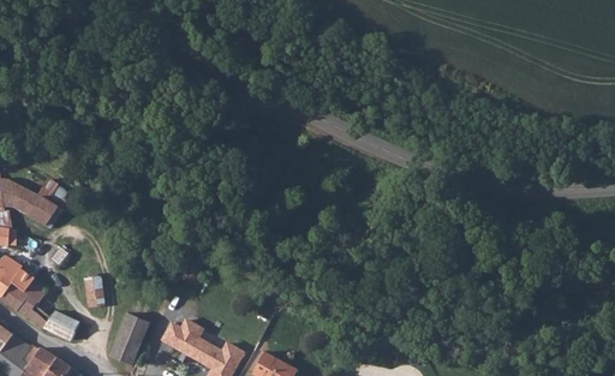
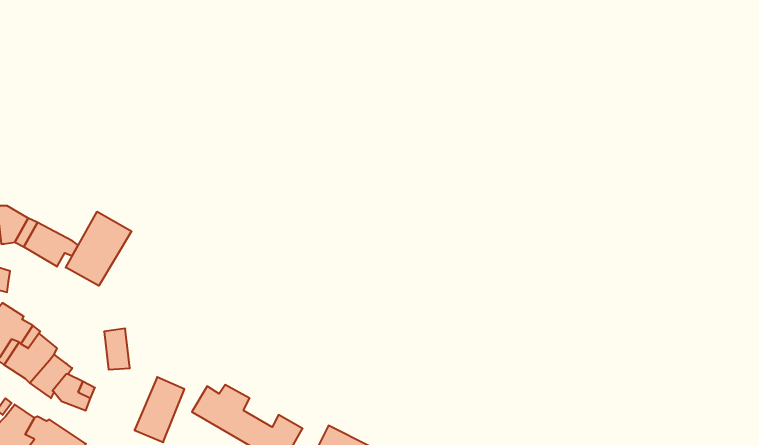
building: none -> [66,212,132,286]

